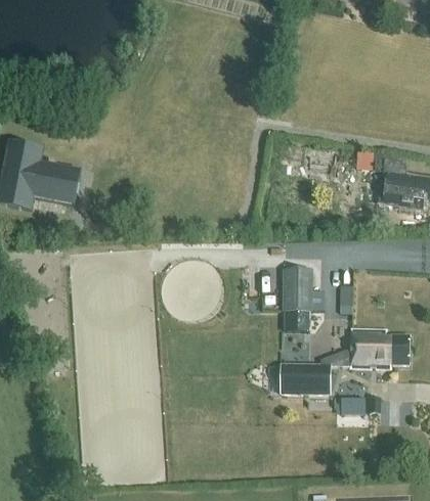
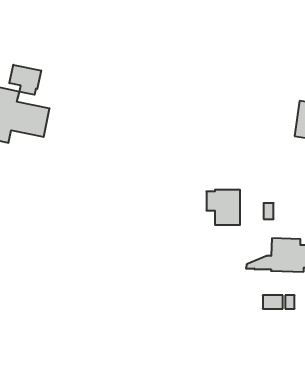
building: none -> [9,65,41,95]
building: [283,311,310,331] -> none
building: [278,363,330,395] -> none

